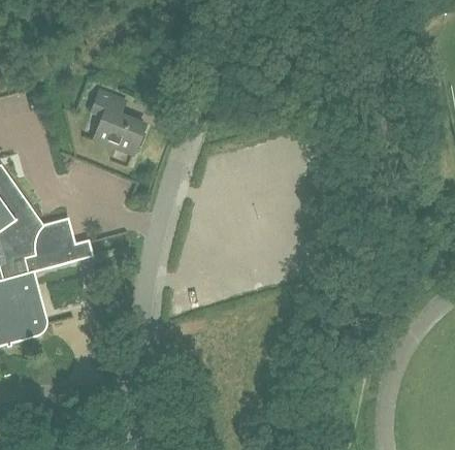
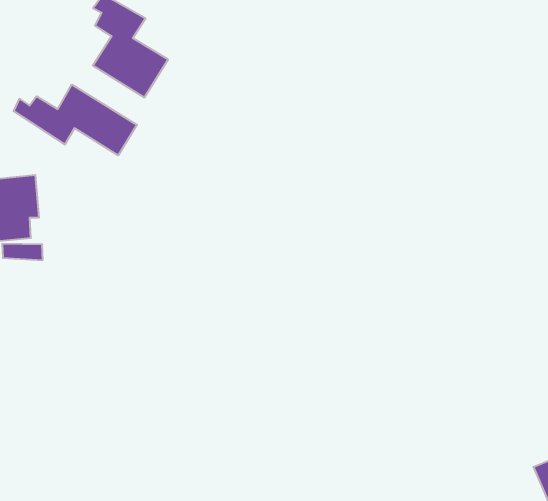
building: none -> [14,85,137,155]

